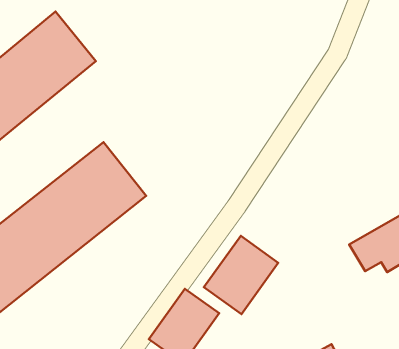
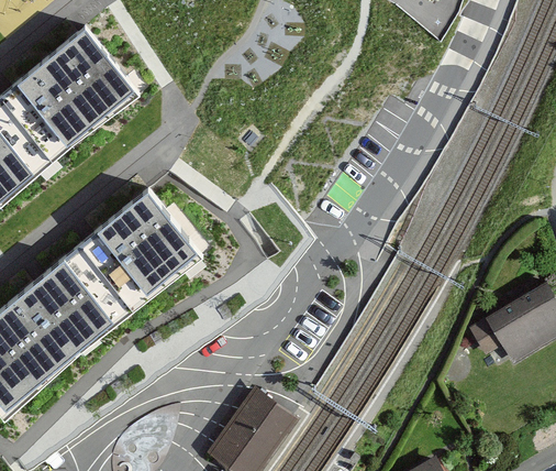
building: [204,236,278,314] -> none

